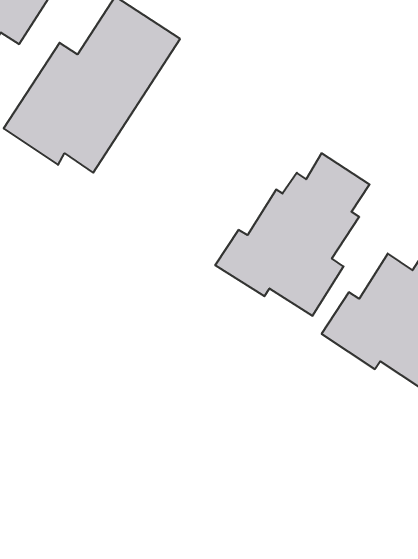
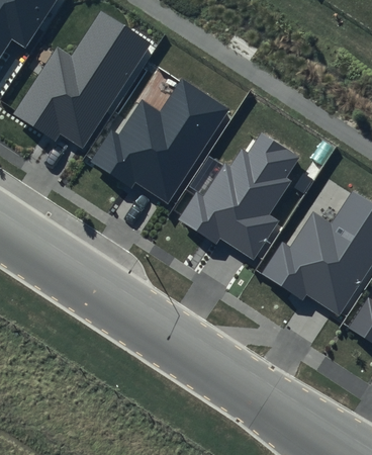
building: none -> [93,77,230,203]

